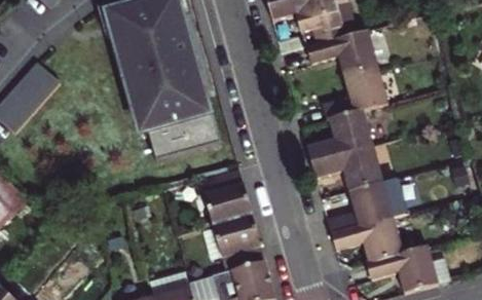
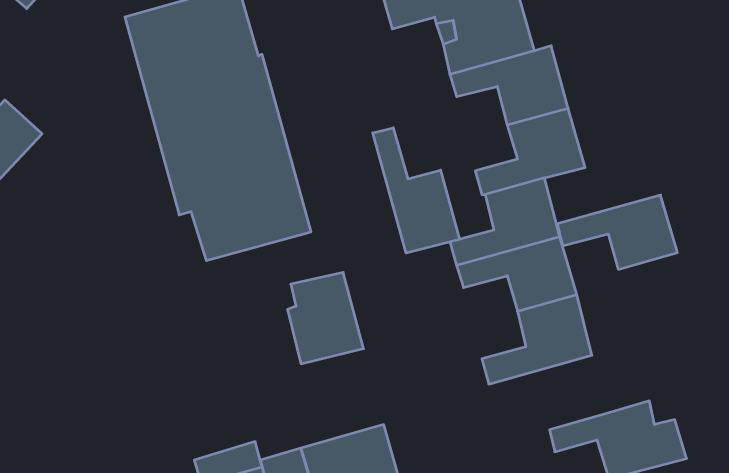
building: none -> [373,128,460,253]
building: [215,213,265,268] -> none
building: [329,217,402,262] -> [557,195,677,269]

